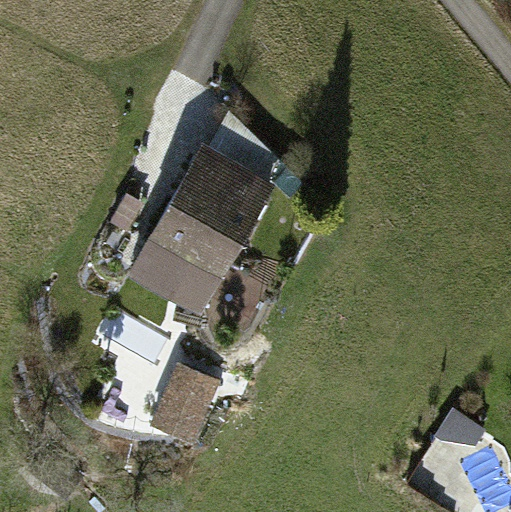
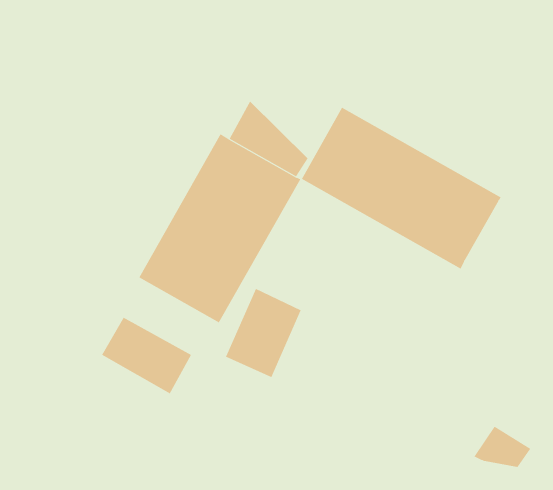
building: none -> [301,107,502,269]
building: [151,364,221,446] -> [225,288,301,378]

